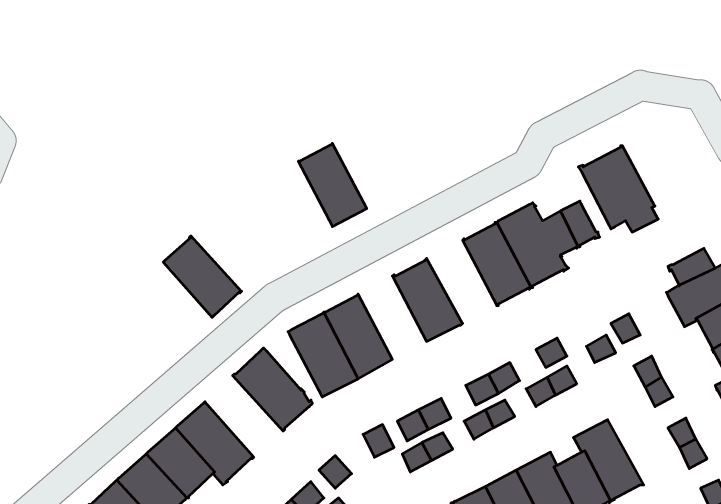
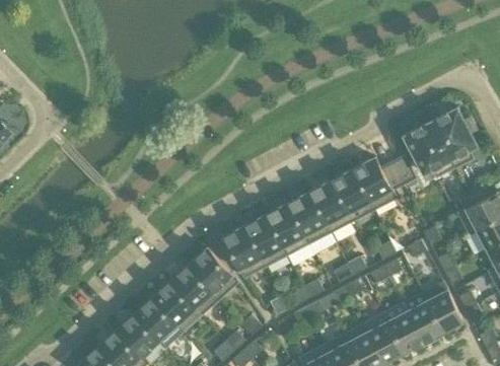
building: none -> [431,107,478,168]
building: [298,143,367,227] -> [267,203,309,254]
building: [163,236,242,317] -> [171,265,220,315]
building: none -> [309,180,353,232]
building: none -> [422,281,465,333]

